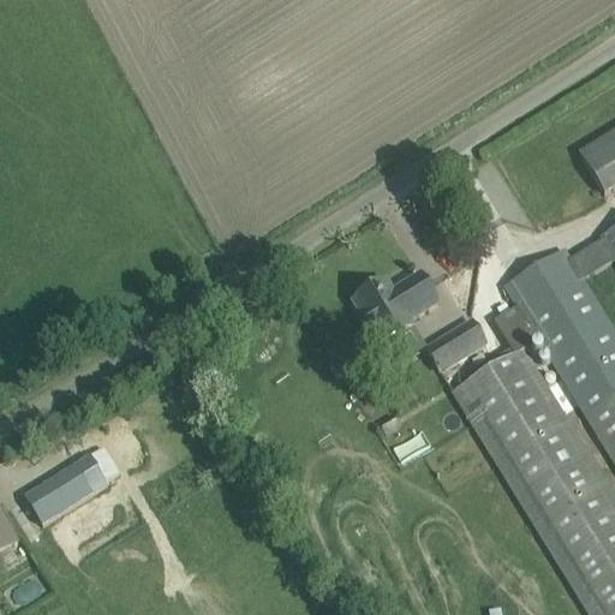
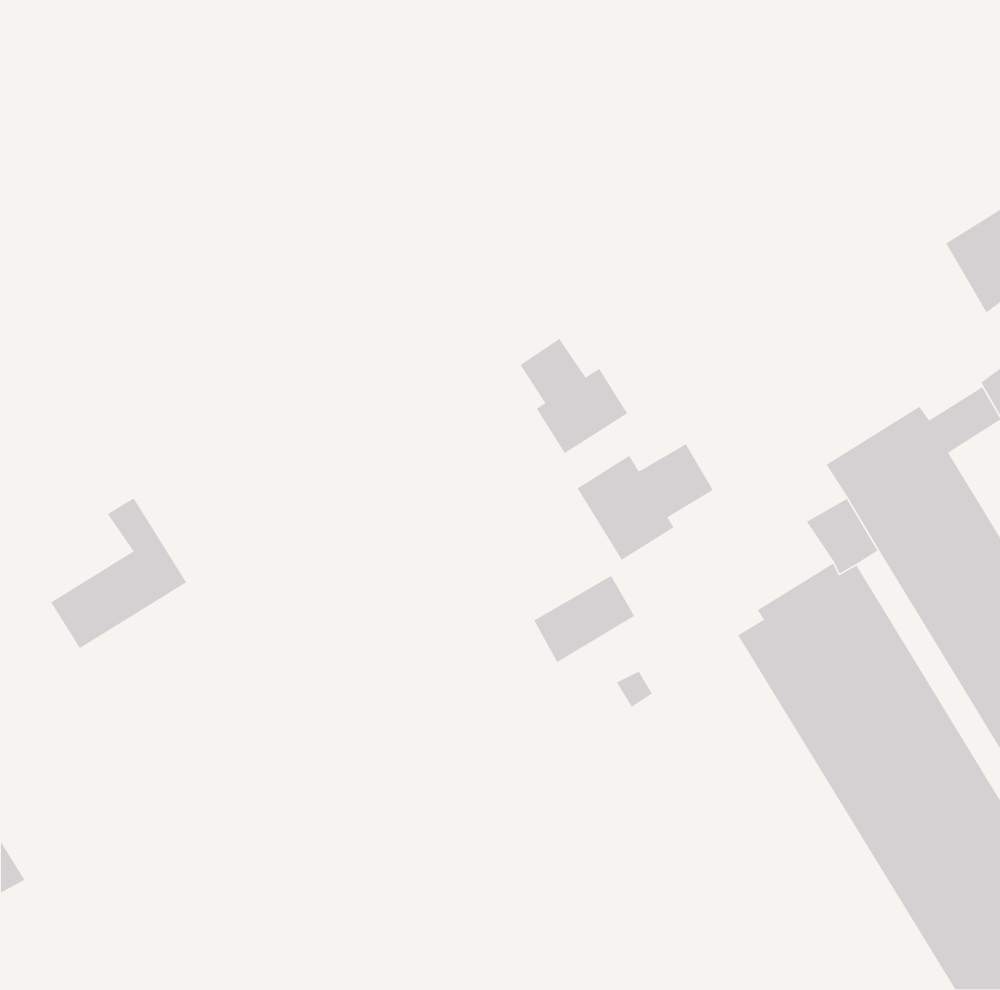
building: none -> [519,338,628,454]
building: [424,318,486,372] -> [533,575,635,663]
building: [25,431,109,524] -> [50,498,187,649]

